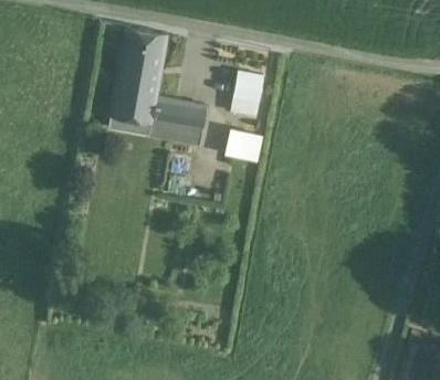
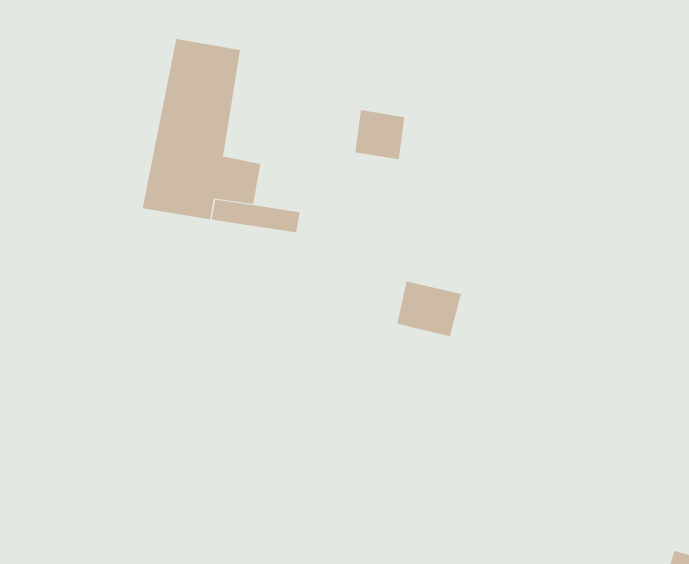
building: [174,103,205,131] -> none
building: [224,127,263,160] -> [396,281,462,337]

